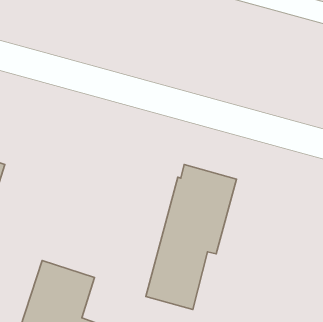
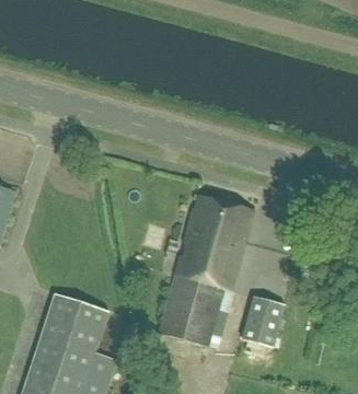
building: none -> [242,296,285,346]

